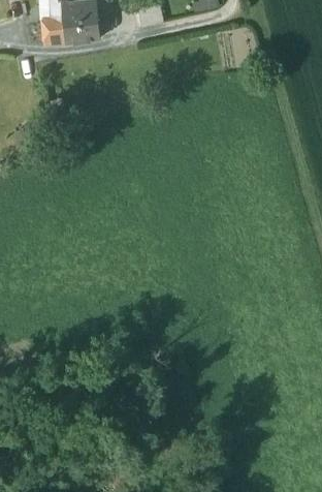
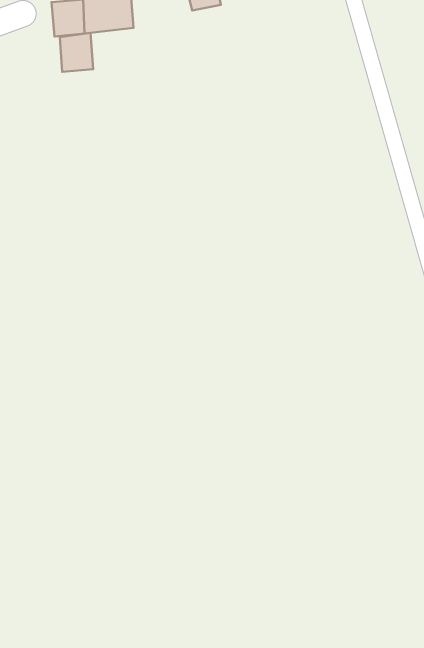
building: none -> [60,33,93,72]

